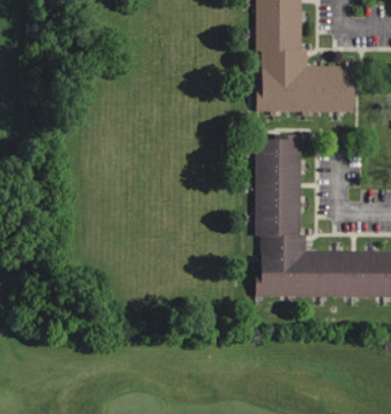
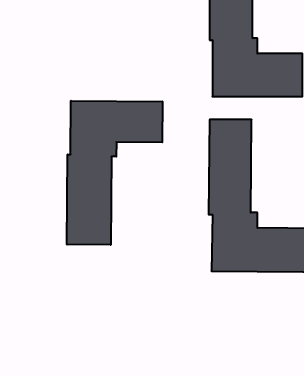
building: none -> [67,101,162,245]

